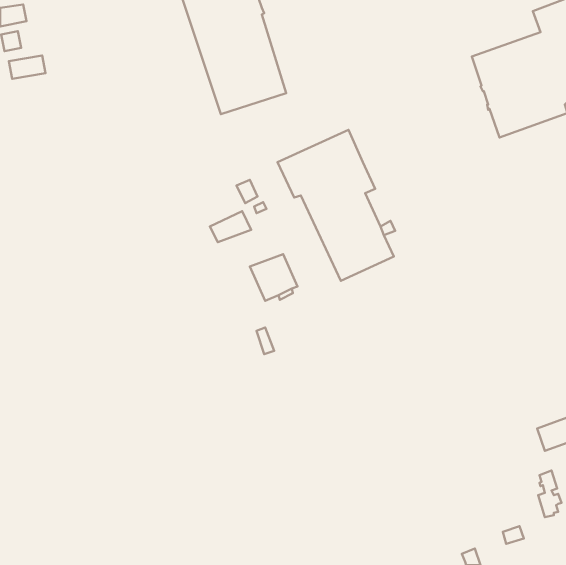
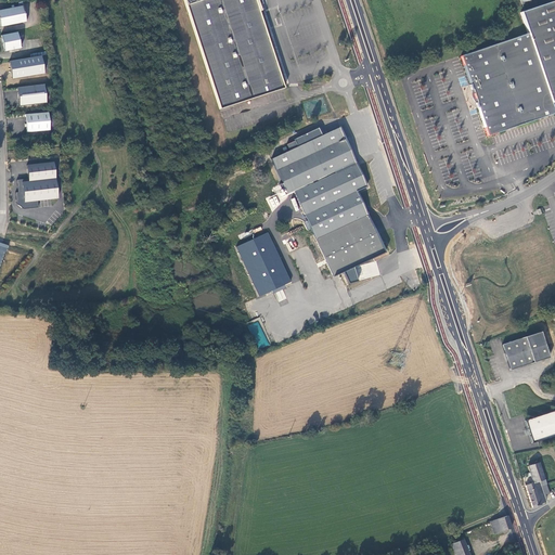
building: none -> [18,82,48,105]
building: none -> [26,111,51,131]
building: none -> [17,160,60,208]
building: [210,211,251,242] -> [237,230,278,260]
building: none -> [502,331,550,369]

